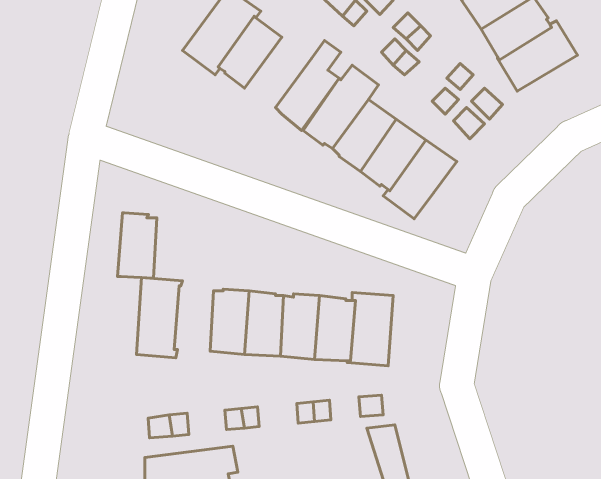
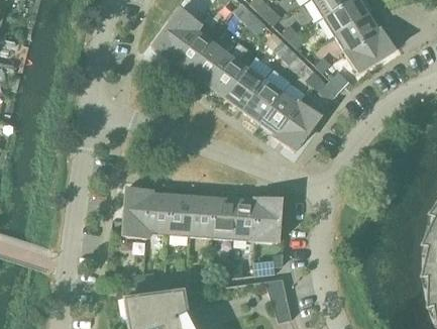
building: none -> [188,38,229,82]
building: [118,213,157,278] -> [144,192,169,232]

